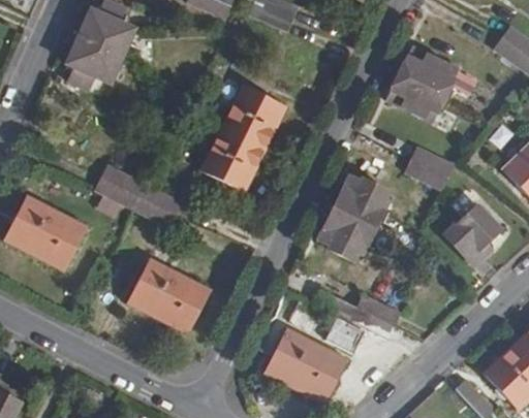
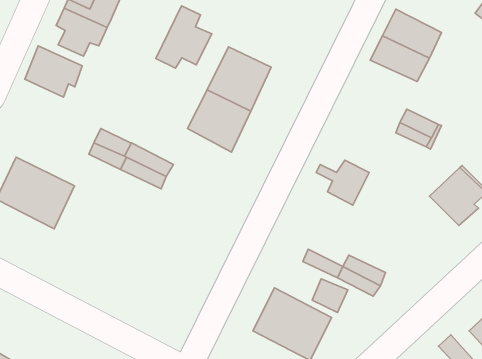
building: none -> [156,6,212,68]
building: none -> [25,46,82,97]
building: [334,175,387,212] -> none
building: [317,212,367,259] -> none
building: [127,258,209,331] -> none

